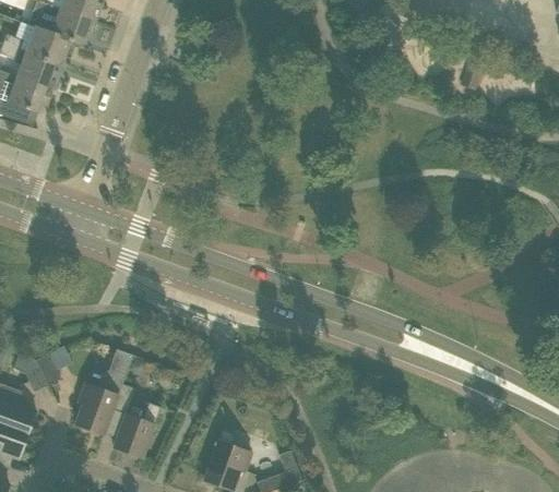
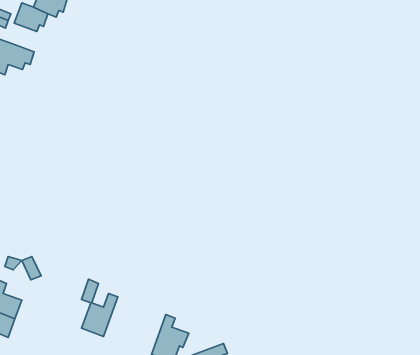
building: [16,52,57,89] -> none
building: [74,348,132,434] -> none

